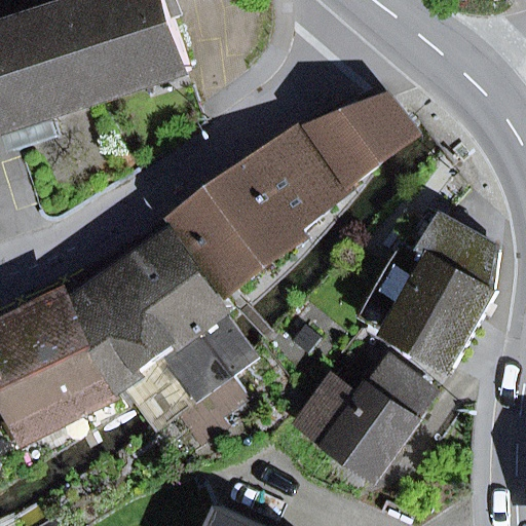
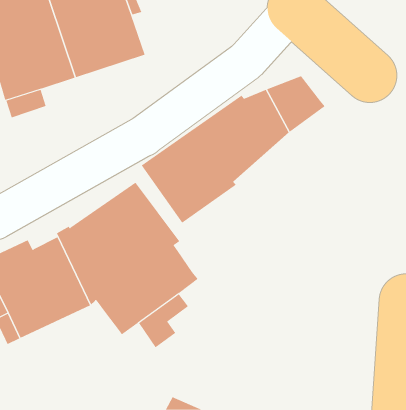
building: [361,212,498,367] -> none
building: [299,361,431,474] -> none

